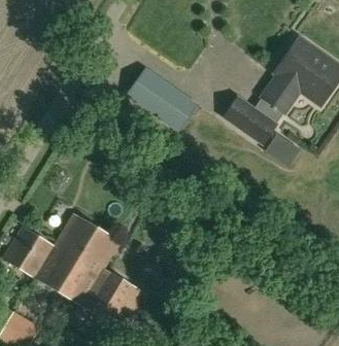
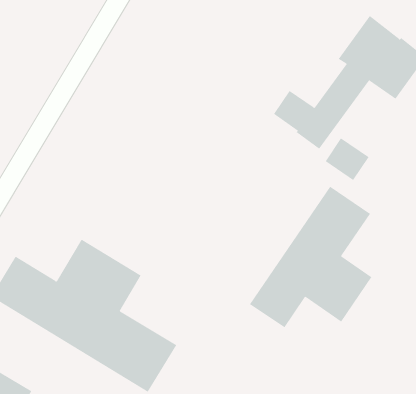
building: [129,69,196,130] -> none
building: none -> [249,186,372,328]

